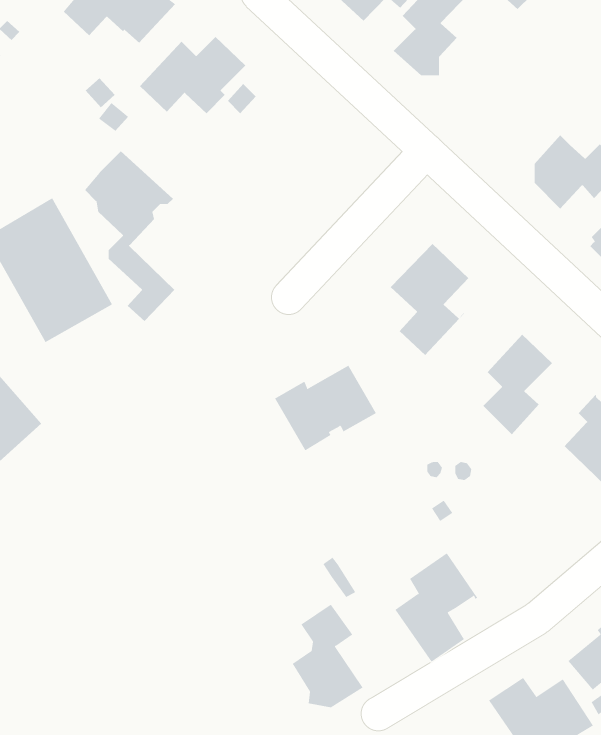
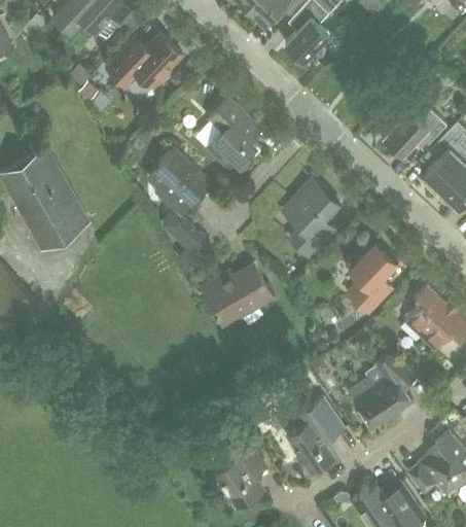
building: none -> [207,98,262,171]
building: [84,150,175,322] -> [148,149,212,270]
building: none -> [348,352,417,428]

